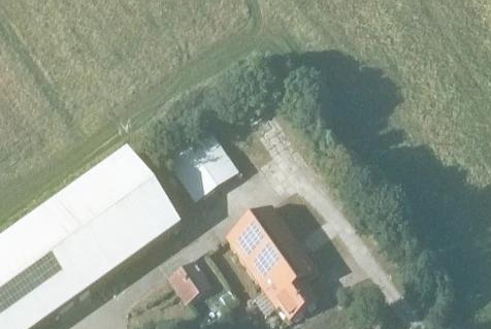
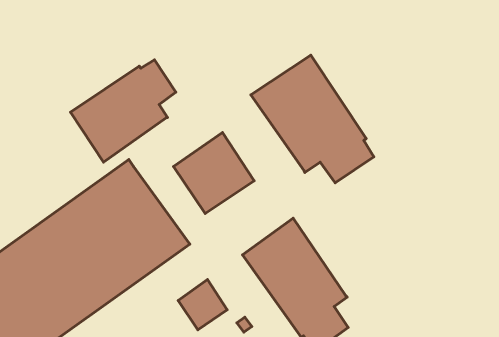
building: none -> [251,55,374,183]
building: none -> [70,60,176,162]

